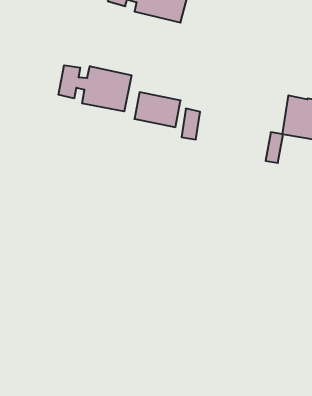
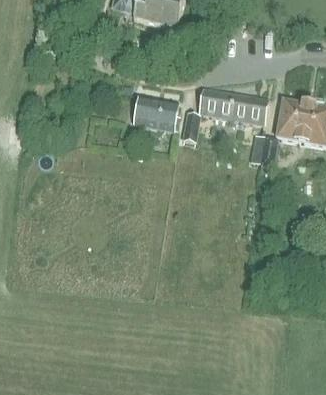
building: [58,65,132,111] -> none
building: none -> [202,89,266,123]

